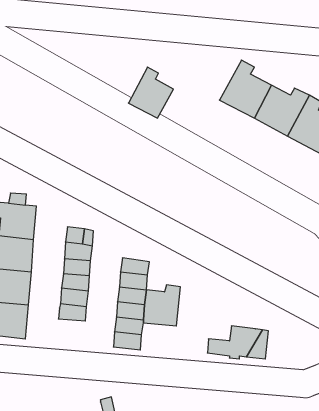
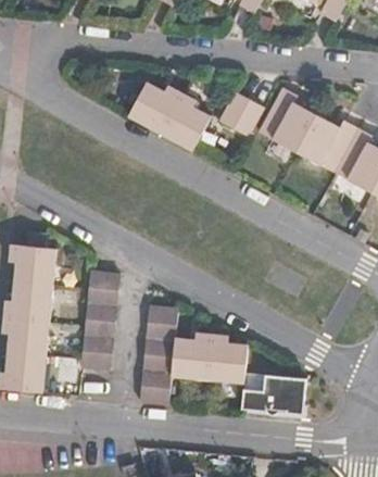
building: none -> [124,84,177,134]
building: none -> [214,91,259,137]
building: none -> [209,334,248,379]

